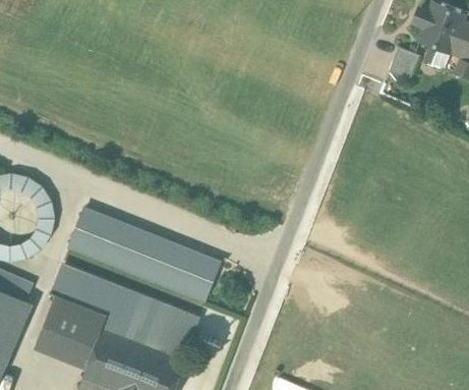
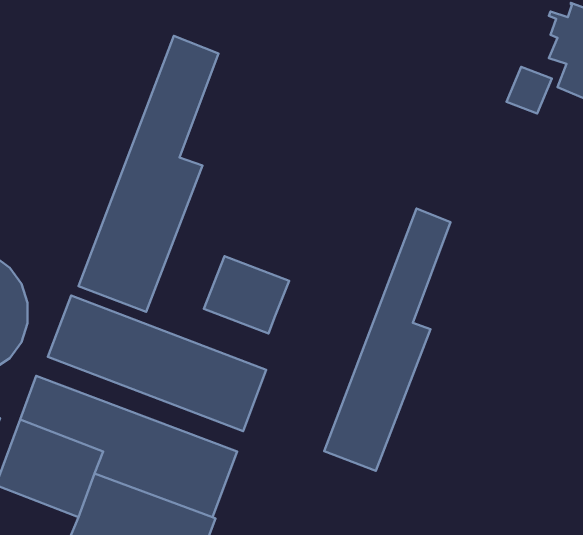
building: none -> [79,36,218,312]
building: none -> [324,209,451,471]
building: none -> [204,256,289,334]

